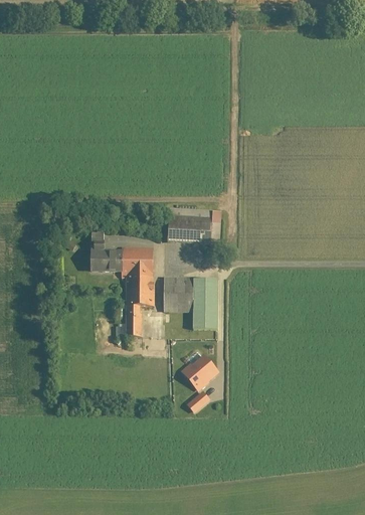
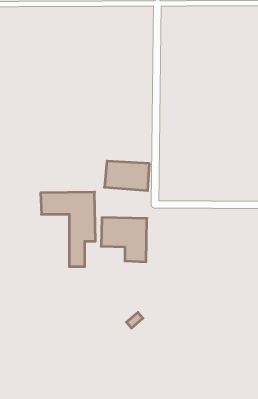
building: [187,355,221,389] -> none

